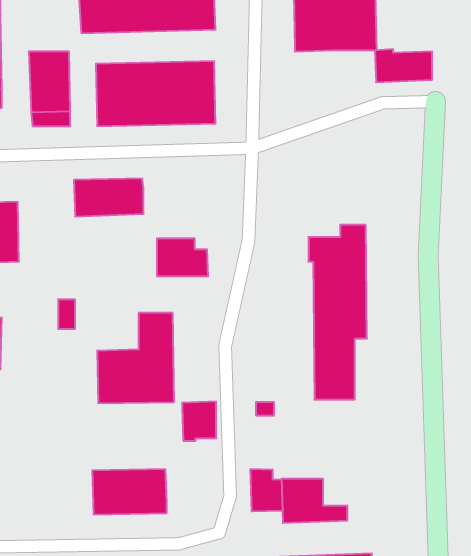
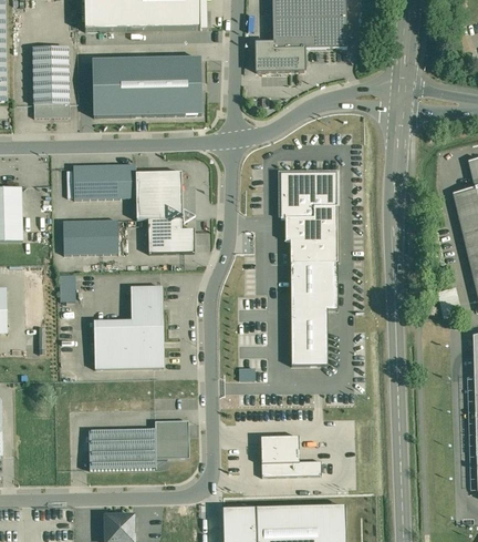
building: [375,49,432,82] -> [256,44,308,74]
building: none -> [135,171,181,218]
building: none -> [277,171,336,216]
building: none -> [64,219,118,254]
building: [182,402,216,441] -> [155,421,186,457]
building: [251,469,282,512] -> none

